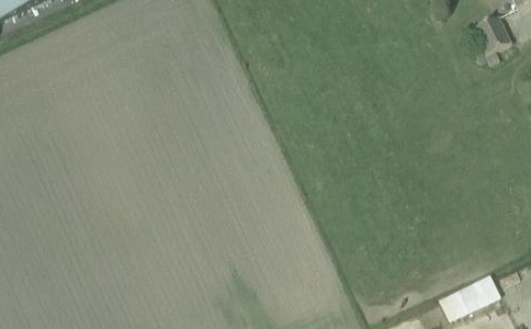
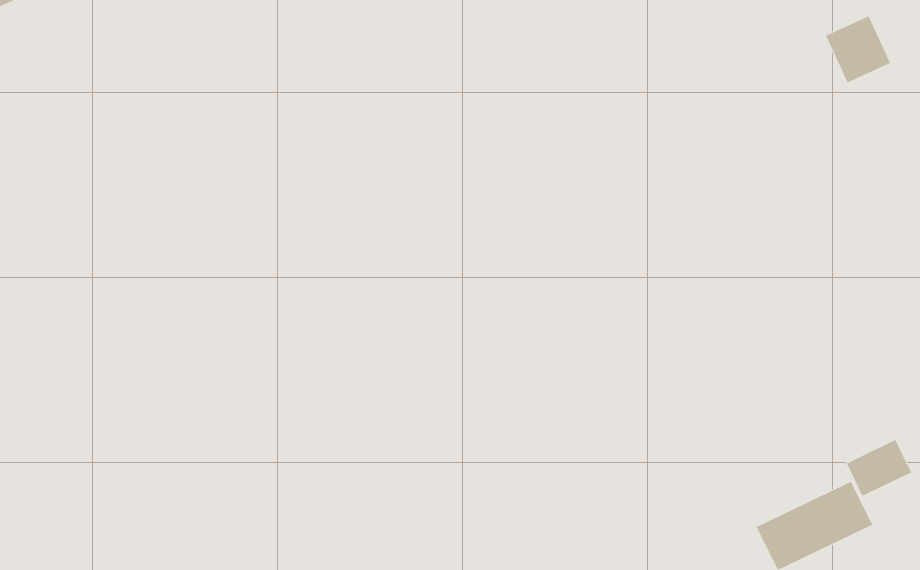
building: none -> [846,439,912,497]

